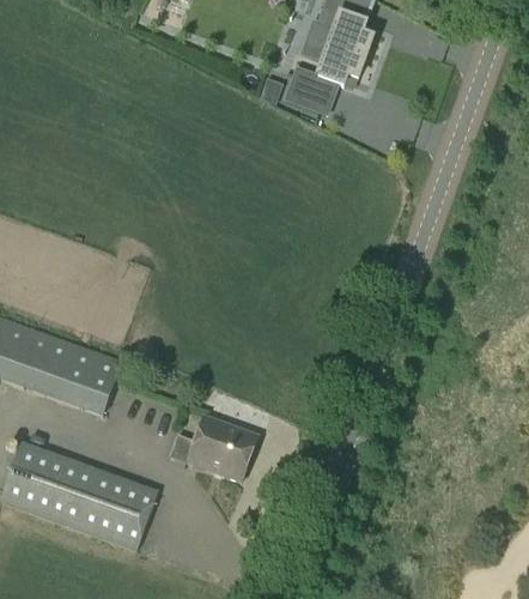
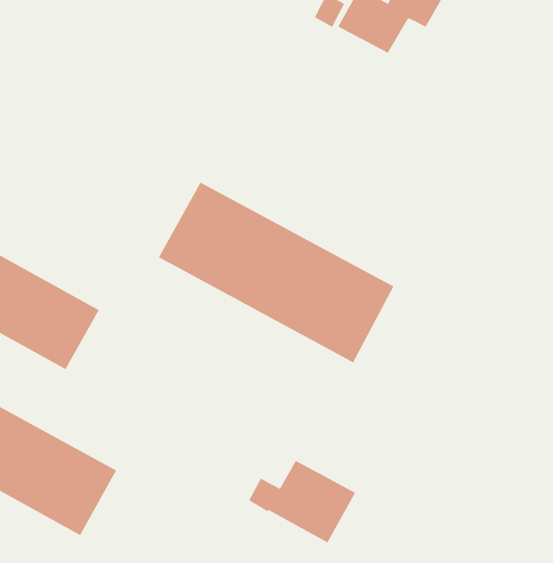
building: none -> [158,182,395,363]
building: [170,416,257,480] -> [248,460,356,544]

